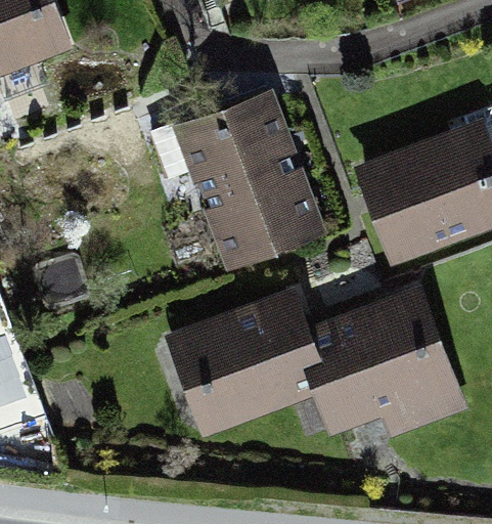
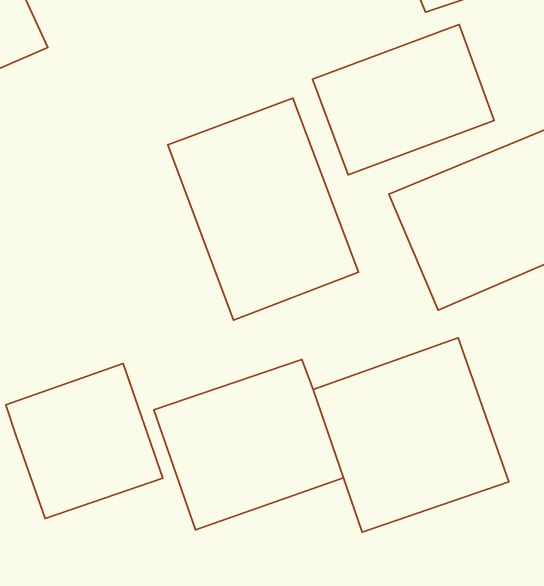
building: none -> [312,24,494,175]
building: none -> [6,363,163,519]

